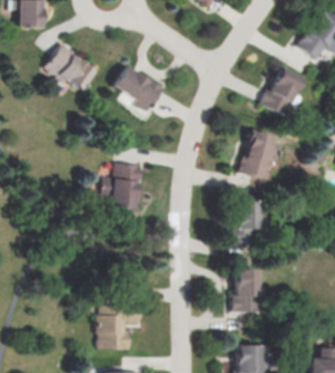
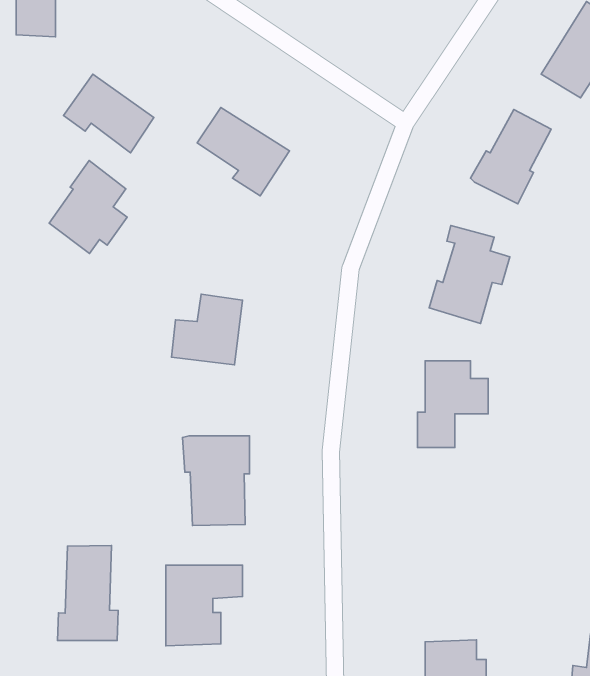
building: none -> [49,160,127,254]
building: none -> [183,436,250,526]
building: [231,270,257,313] -> none
building: none -> [57,546,118,641]

